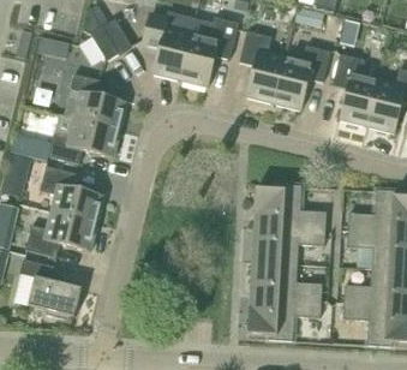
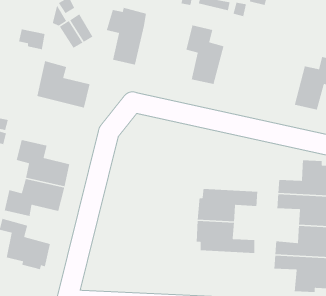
building: [179,16,237,85] -> none
building: [271,44,329,108] -> none
building: [331,53,377,125] -> none
building: [47,113,119,162] -> none
building: [252,183,324,226] -> none
building: [246,296,319,339] -> none

